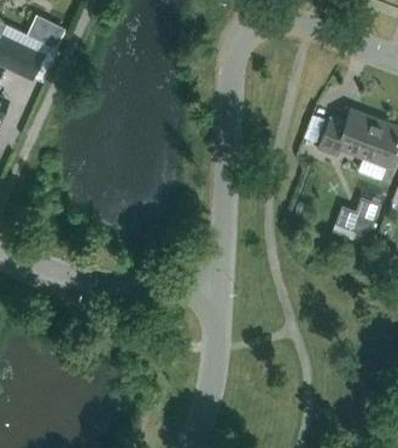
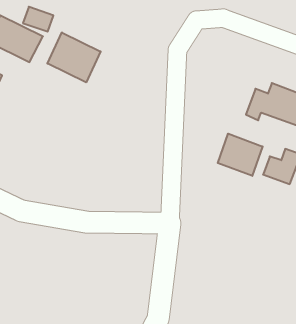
building: none -> [47,32,101,82]
building: none -> [218,134,263,176]

